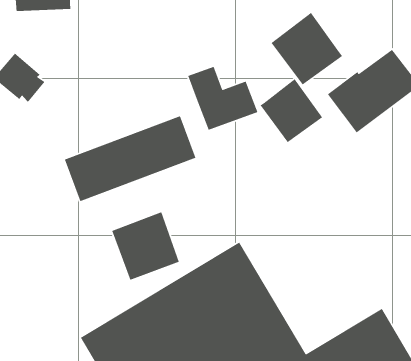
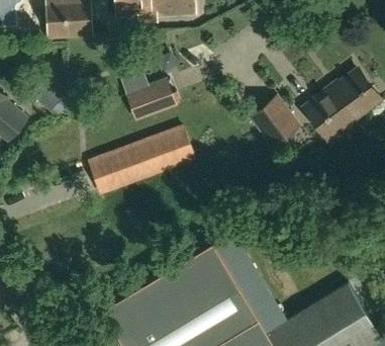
building: [270,12,343,86] -> none
building: [187,66,258,131] -> [119,67,178,120]
building: [111,211,180,281] -> none

